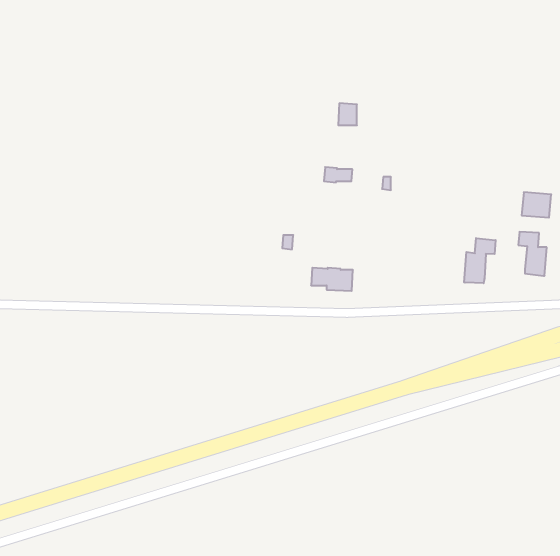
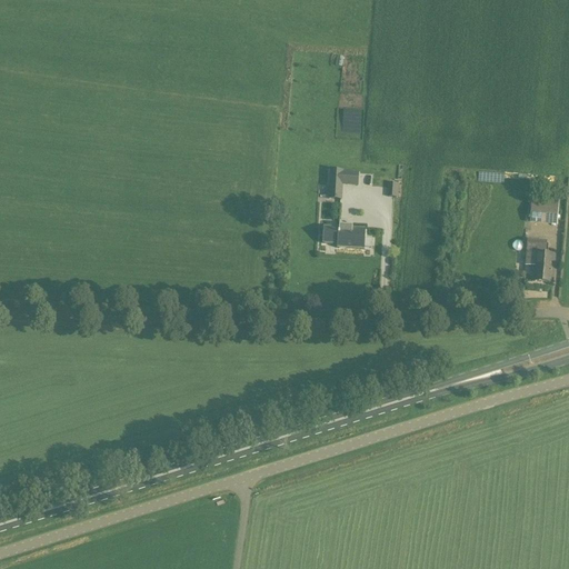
building: [464,238,496,283] -> none
building: [311,268,353,291] -> [321,224,363,248]

